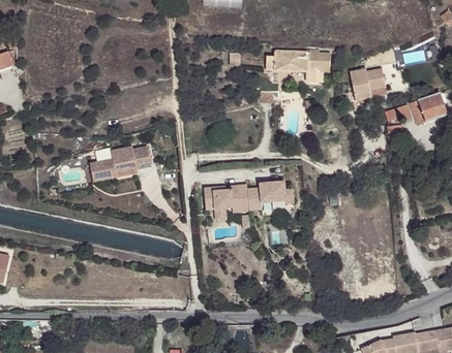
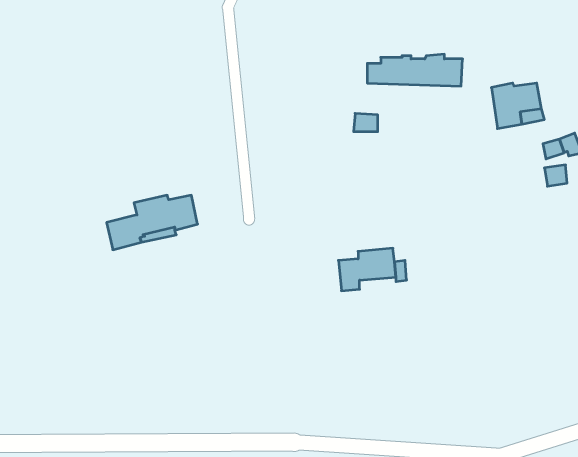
building: [204,185,248,215] -> none

